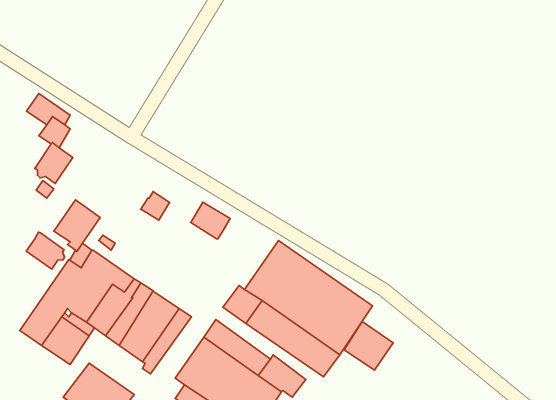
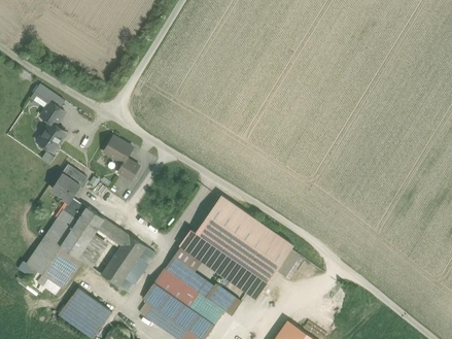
building: [191,202,230,239] -> [103,136,133,164]
building: [26,232,64,269] -> none
building: [344,321,393,370] -> none

